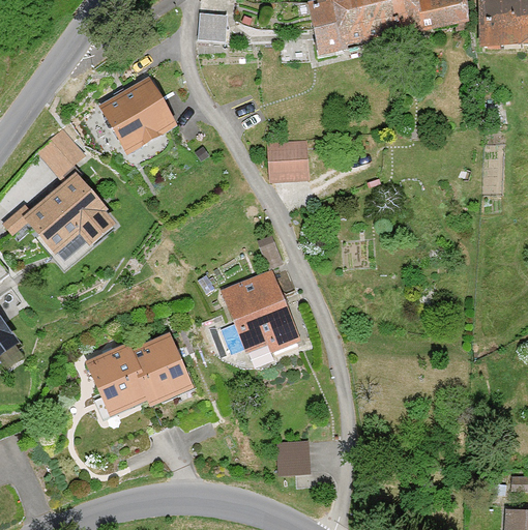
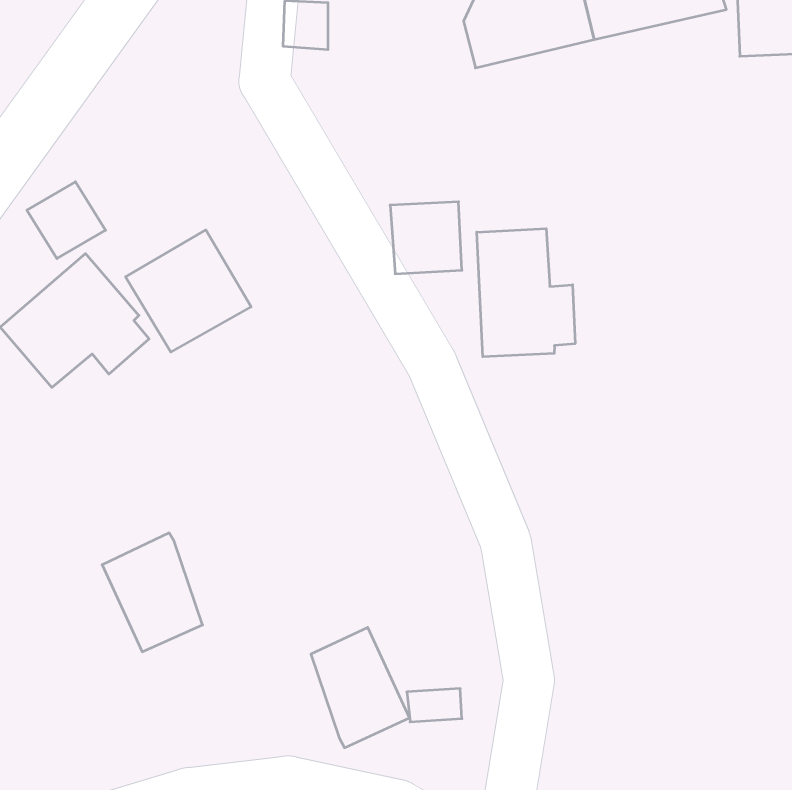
building: [99,80,177,155] -> [126,230,251,352]
building: none -> [477,229,575,357]
building: [219,268,300,361] -> none
building: [130,331,192,406] -> [311,627,410,748]

